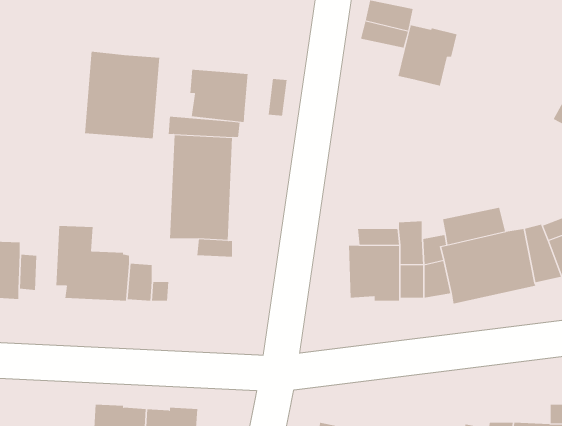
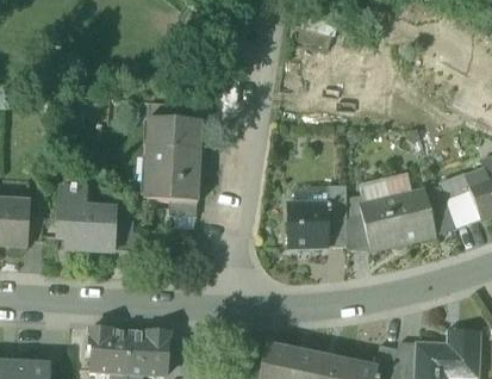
building: [398,24,457,86] -> none
building: [84,51,160,139] -> none
building: [190,69,248,123] -> none

